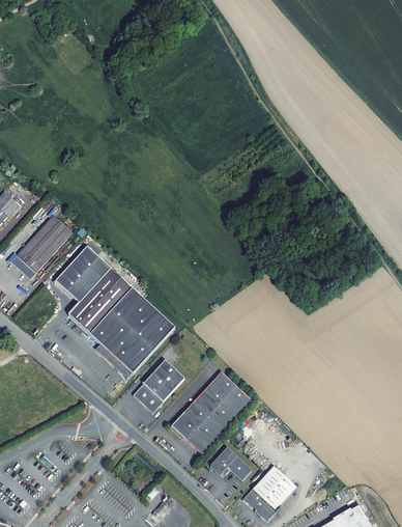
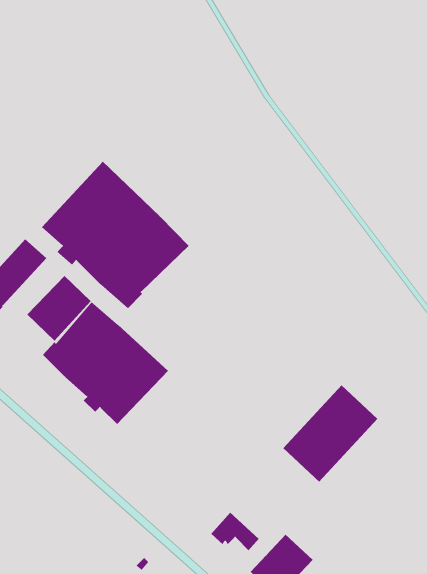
building: none -> [41,161,189,309]
building: [134,360,184,412] -> none
building: [172,371,253,454] -> [282,384,378,483]

